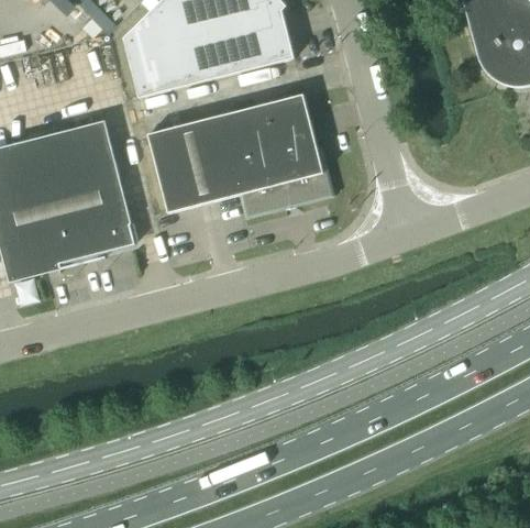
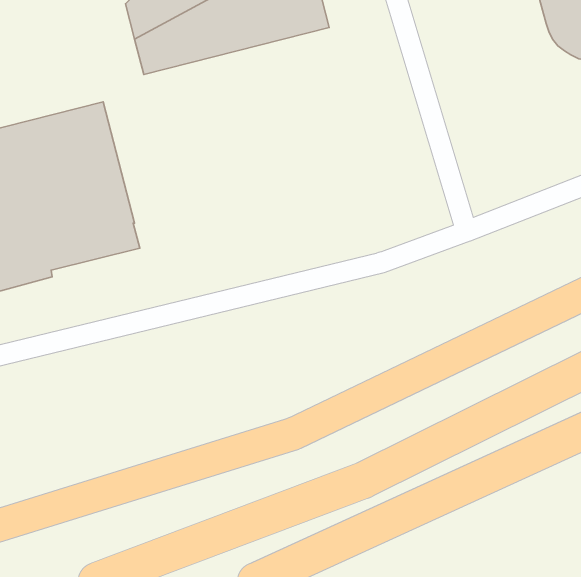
building: [148,94,329,211] -> none

